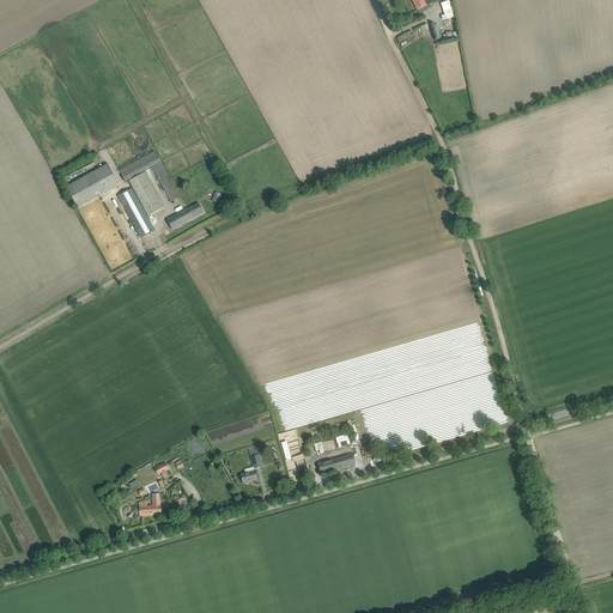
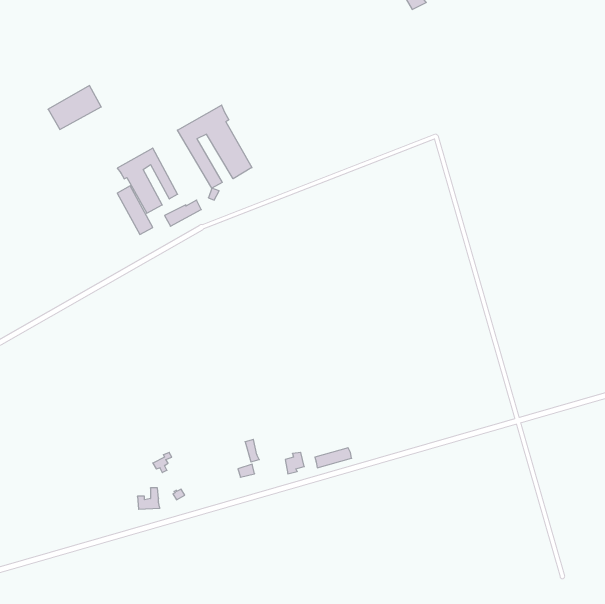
building: none -> [177,105,252,188]
building: [66,163,120,207] -> [48,86,101,129]

